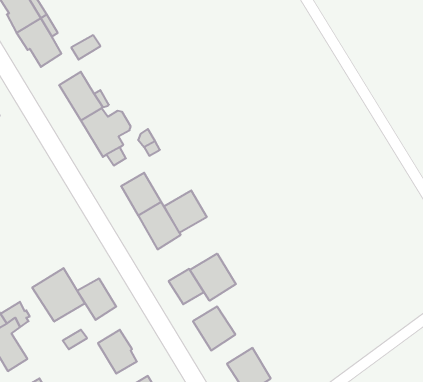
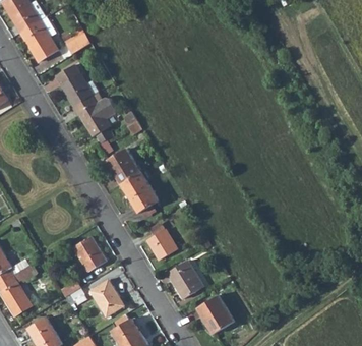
building: [164,190,207,233] -> none
building: [190,254,236,301] -> none
building: [32,268,85,322] -> none

